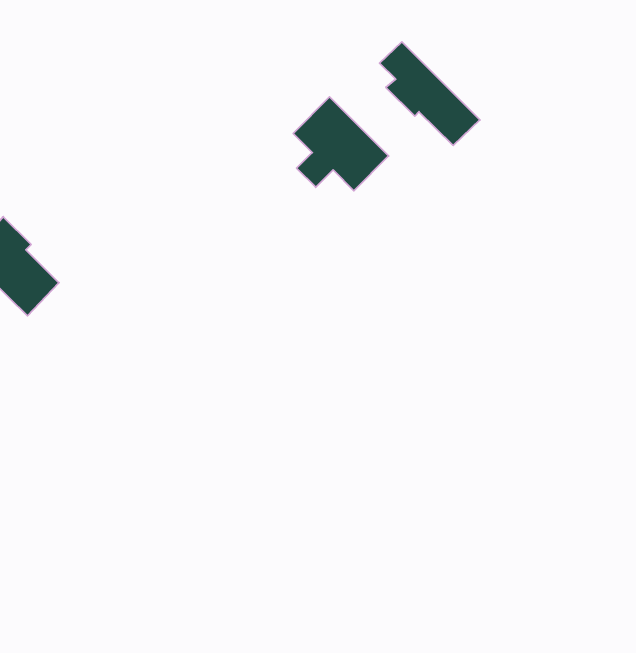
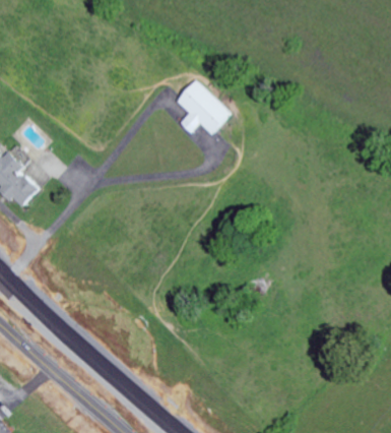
building: [380,42,480,145] -> none

